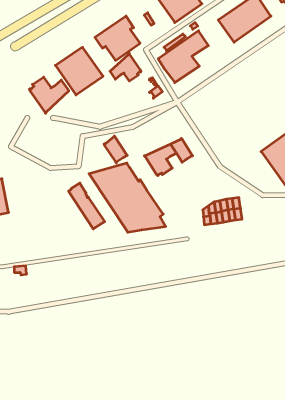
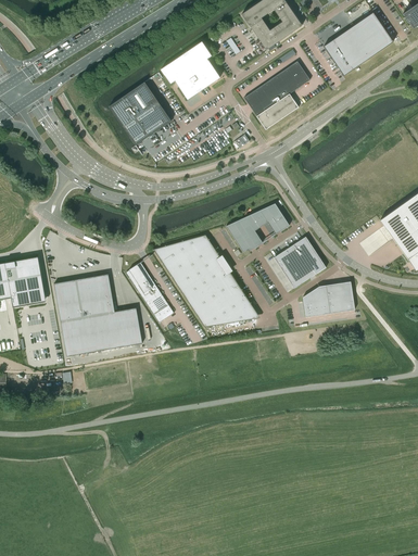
building: [110,53,141,81] -> none
building: [30,77,69,113] -> none
building: [104,136,127,163] -> none
building: none -> [274,238,326,287]
building: none -> [54,273,142,355]

